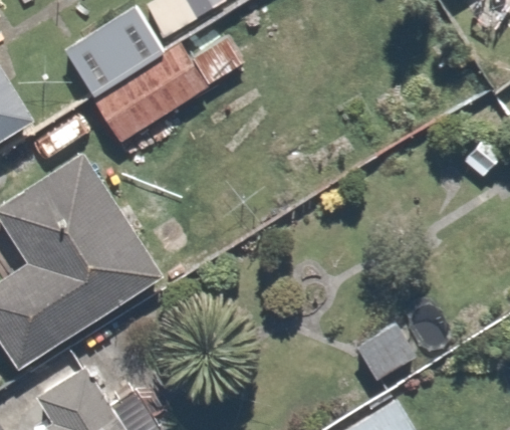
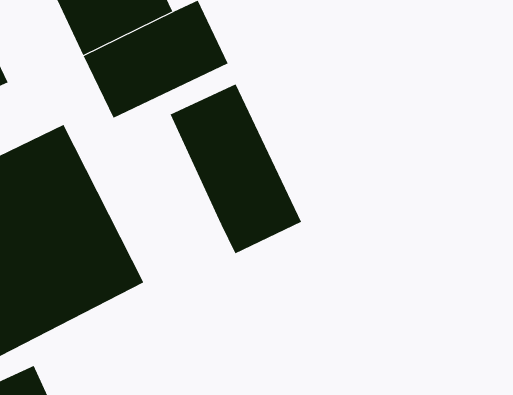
building: none -> [170,83,302,254]

